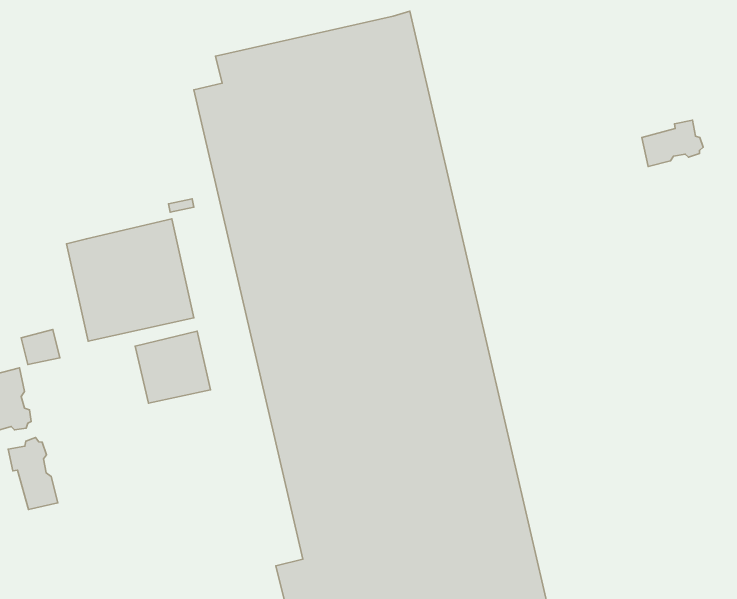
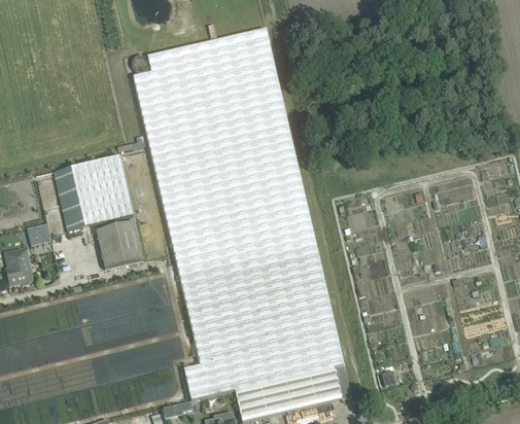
building: [642,120,703,167] -> none
building: [8,437,58,510] -> none

